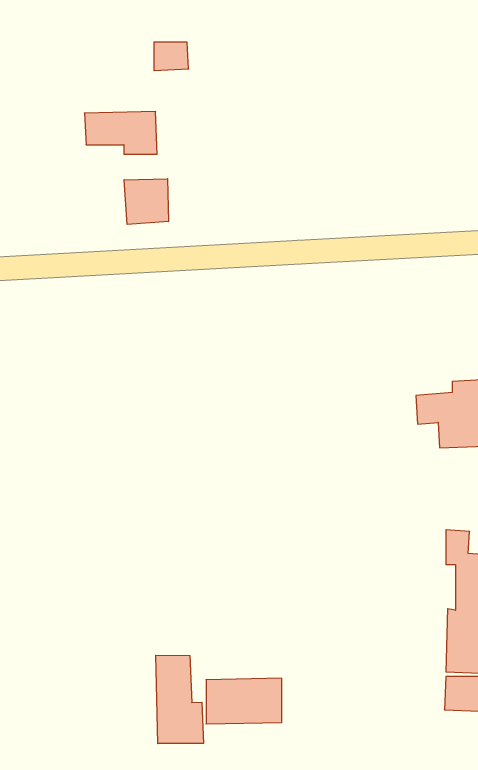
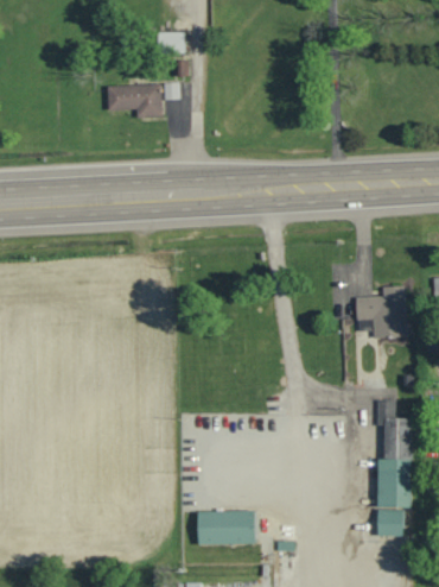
building: [124,179,168,224] -> none
building: [156,655,204,744] -> none

